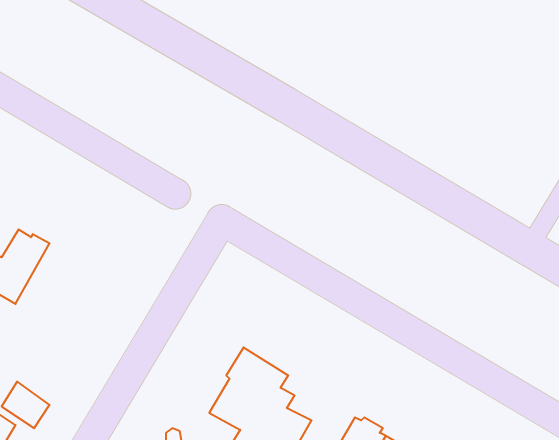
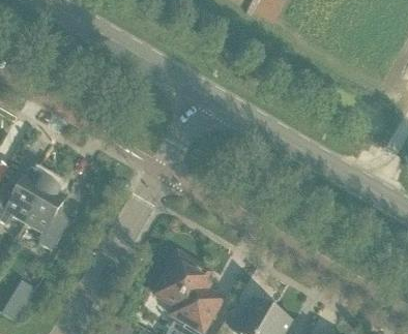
building: none -> [25,183,67,251]

